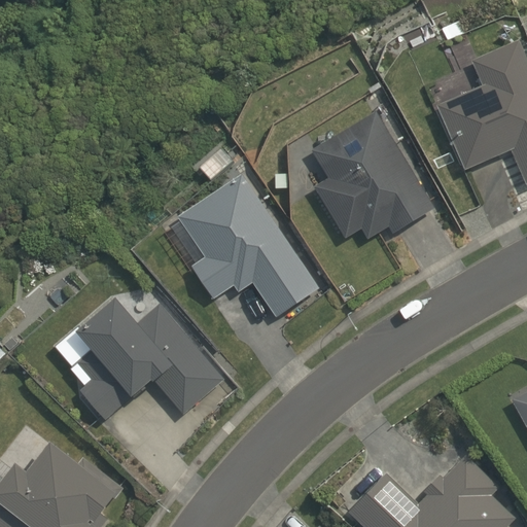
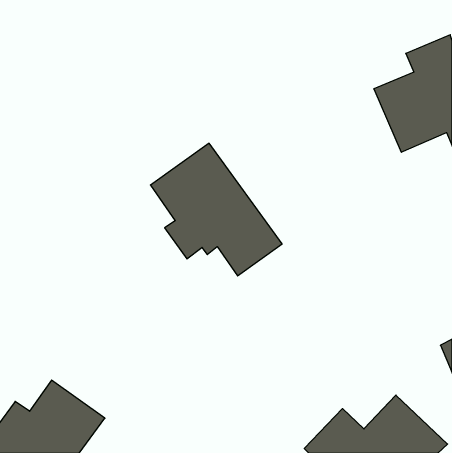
building: [313,114,433,241] -> none
building: [75,300,222,421] -> none

